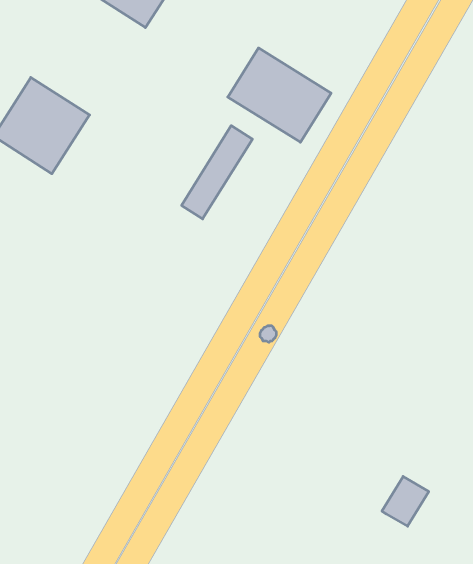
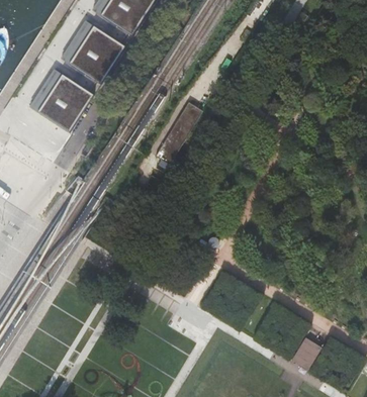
building: none -> [60,21,123,86]
building: [228,48,331,142] -> none

